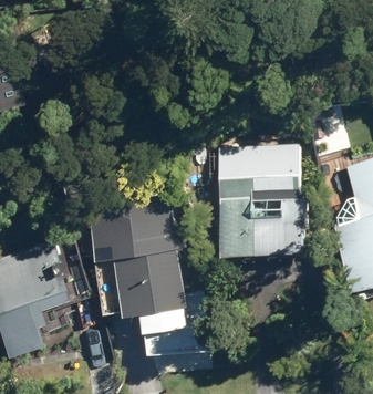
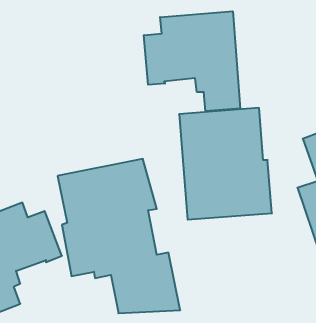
building: none -> [144,11,240,111]

